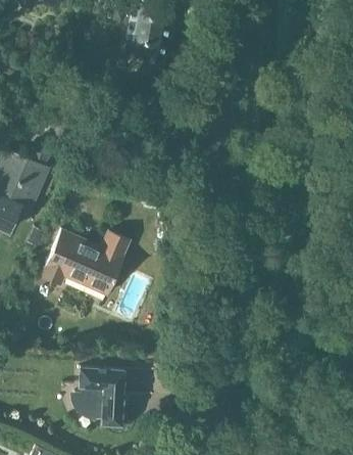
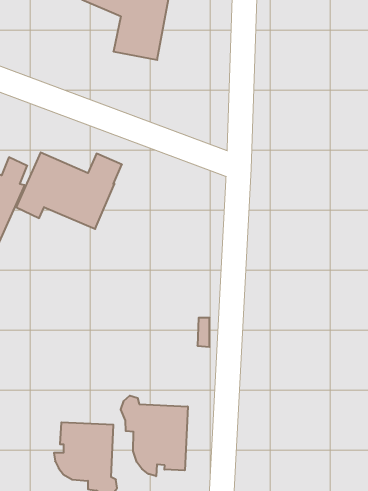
building: [41,230,130,294] -> [16,152,122,229]
building: none -> [121,396,188,476]

